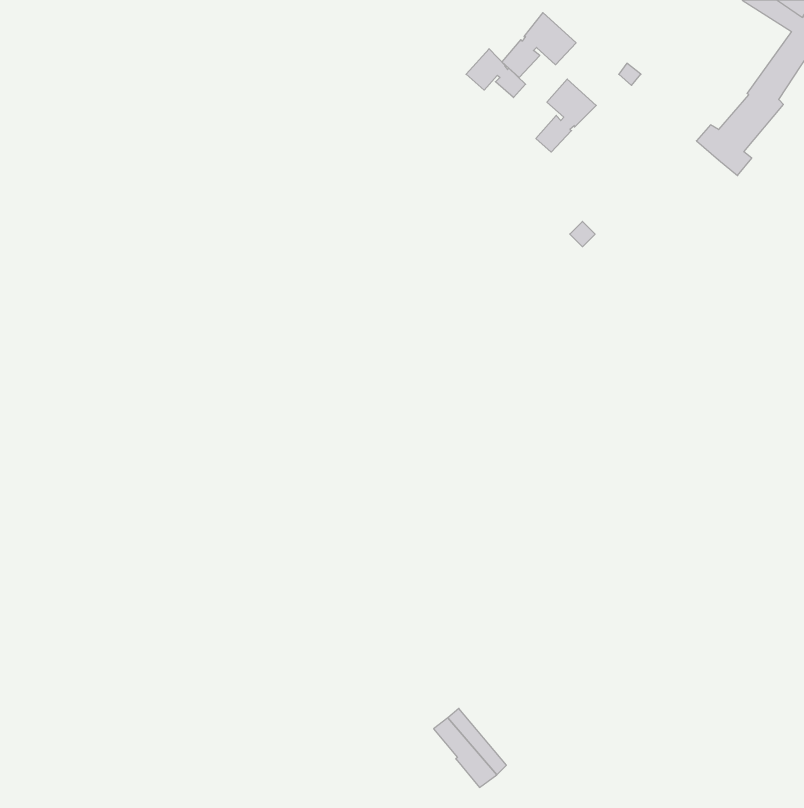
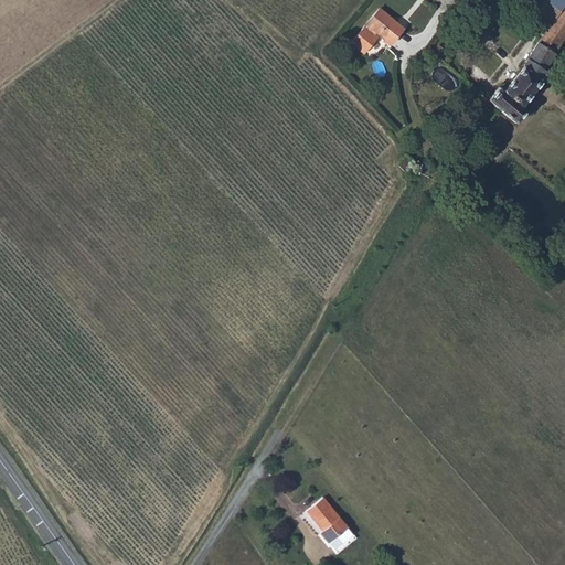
building: [466,49,526,98] -> none
building: [536,79,596,152] -> none

